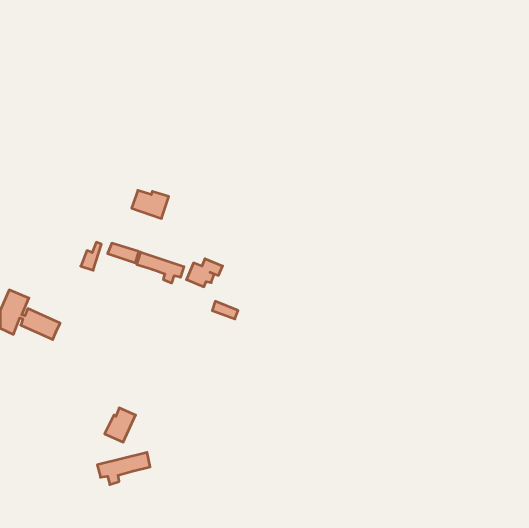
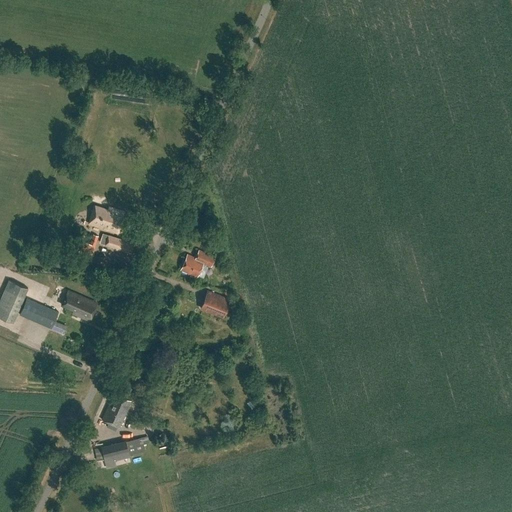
building: [132,190,169,218] -> [88,207,124,234]
building: [137,252,184,283] -> none
building: none -> [61,291,97,321]

